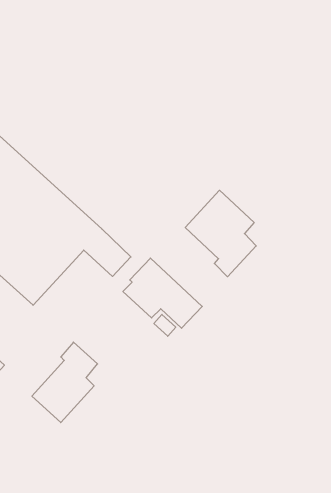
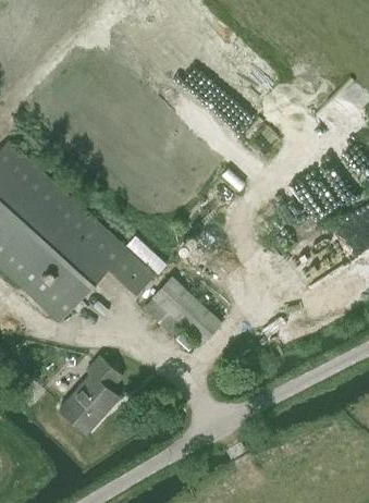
building: [185,190,256,277] -> none

